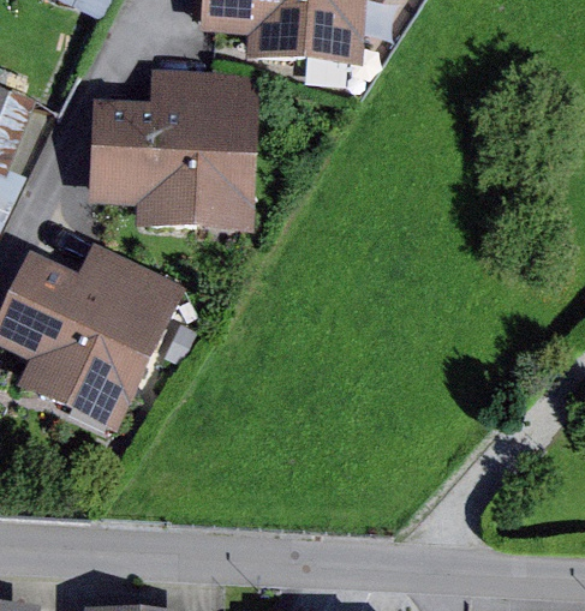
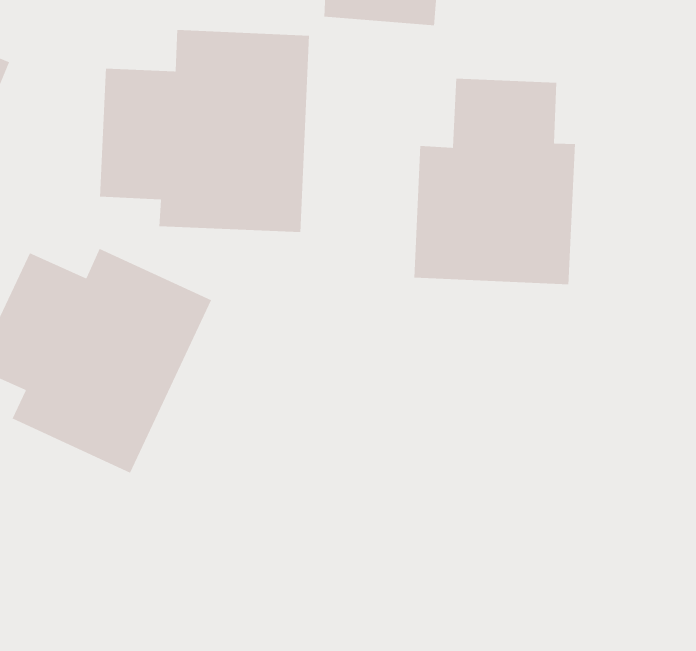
building: none -> [414,78,576,285]

